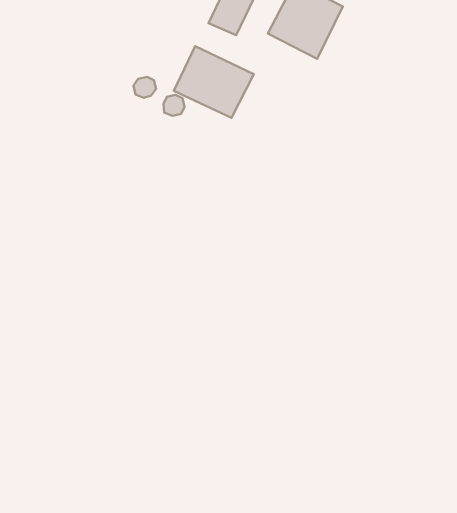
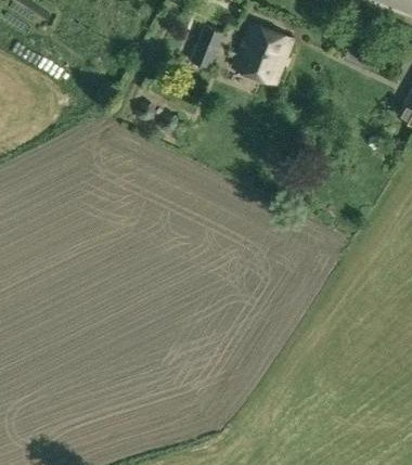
building: [174,46,254,118] -> none

